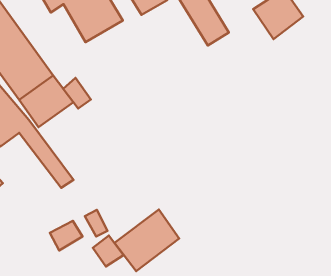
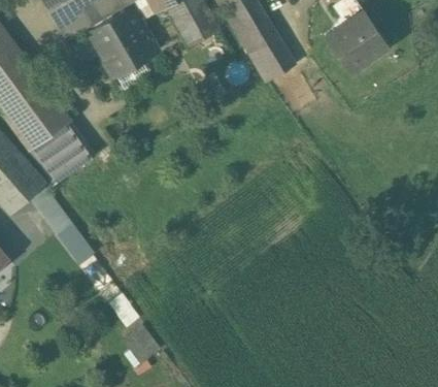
building: [63,78,91,109] -> none
building: [114,210,179,271] -> none
building: [50,221,82,250] -> none

